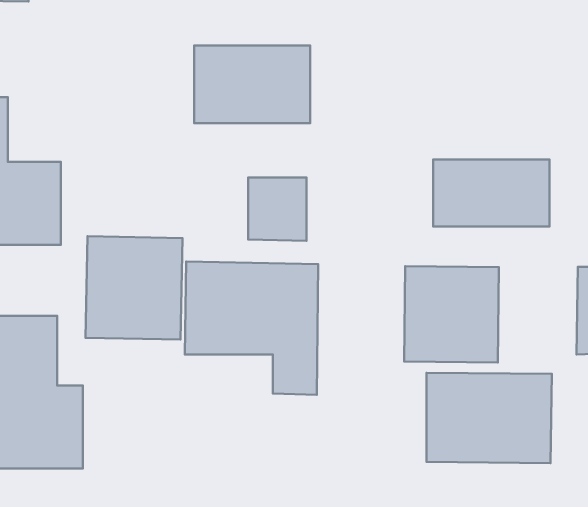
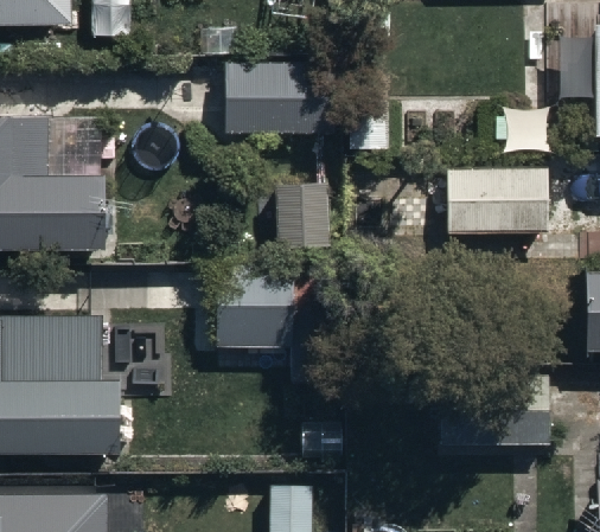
building: [86,236,182,340] -> none
building: [404,266,499,362] -> none

